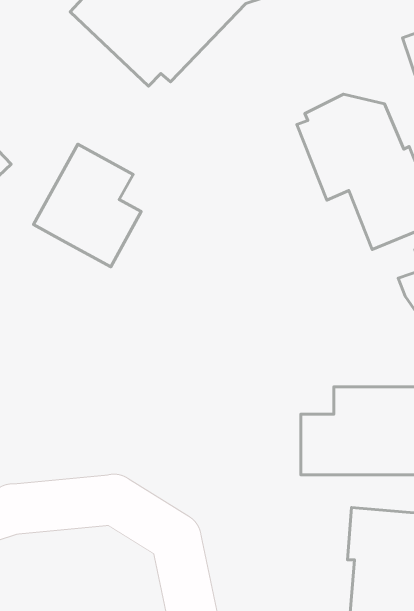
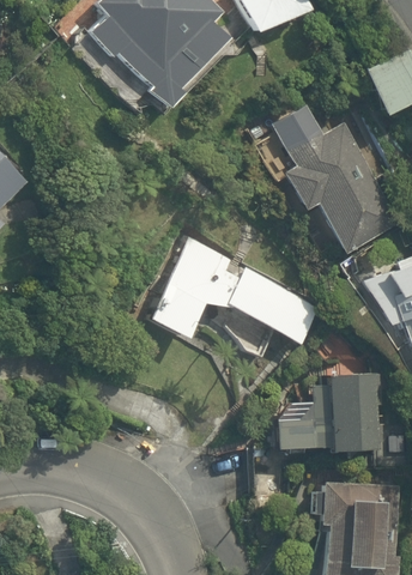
building: [34,144,141,267] -> none
building: none -> [146,231,316,344]

